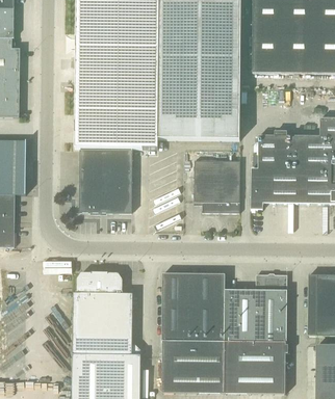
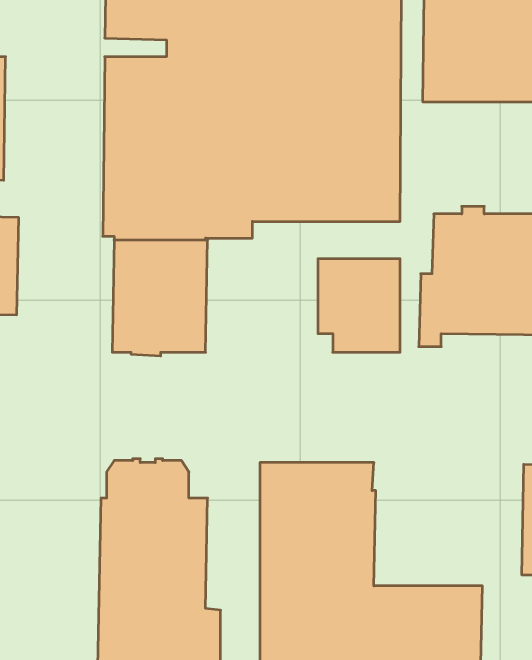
building: [225,274,286,342] -> none

